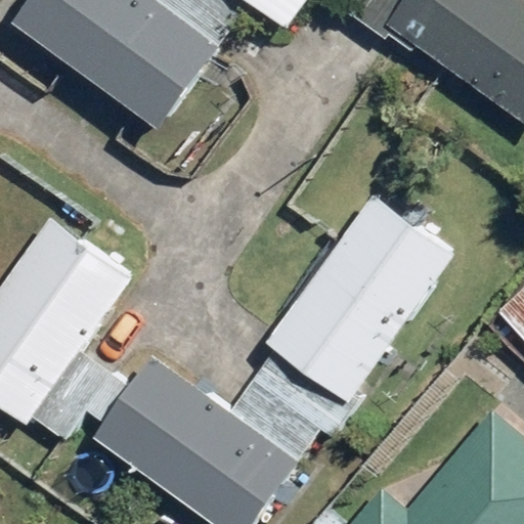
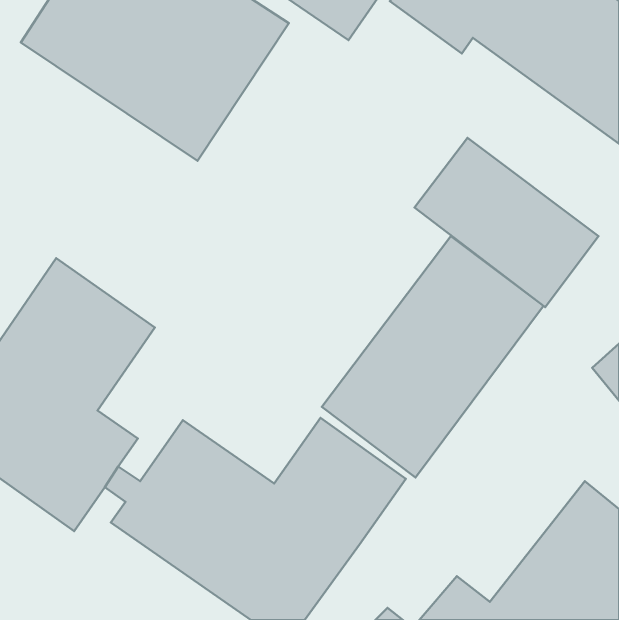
building: none -> [415,138,599,307]

